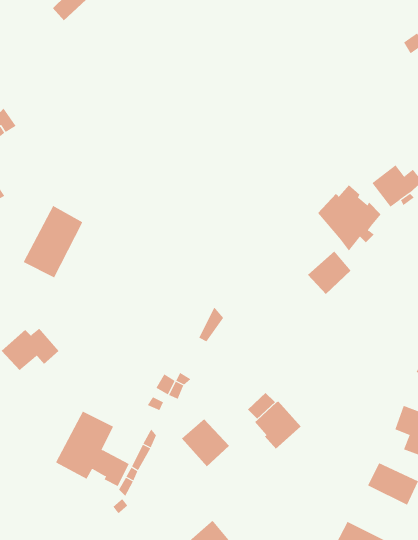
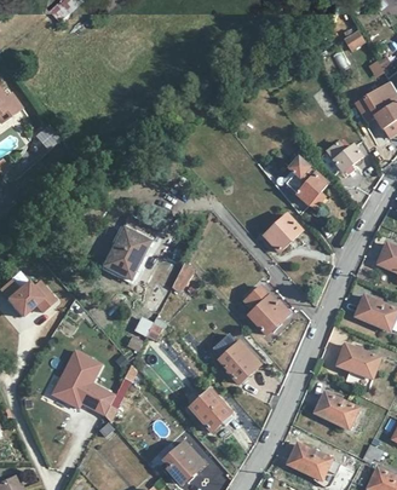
building: [23,205,83,278] -> [105,218,156,279]
building: none -> [246,286,288,333]
building: [181,419,230,467] -> [190,390,231,431]

